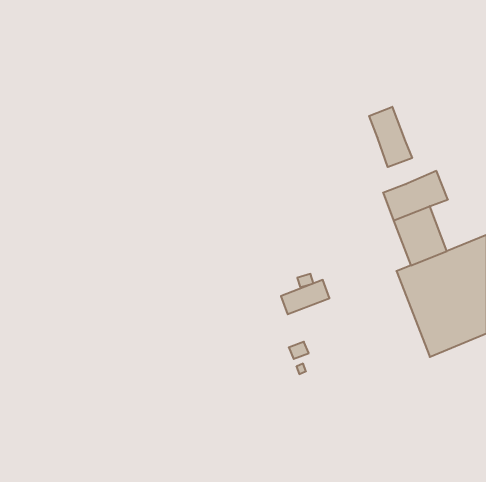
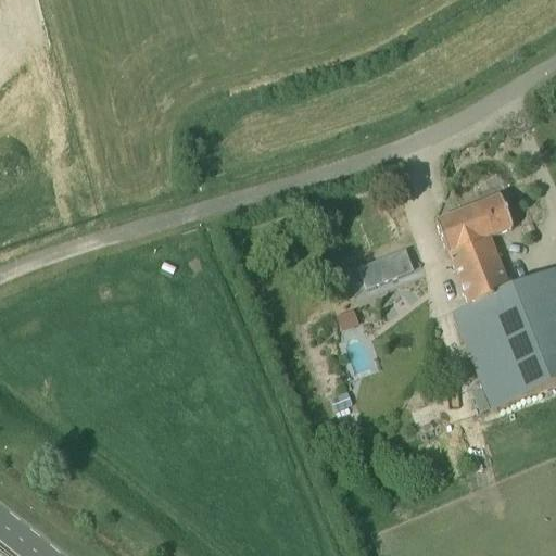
building: [369,107,412,167] -> none
building: [281,280,330,314] -> [358,248,414,287]

